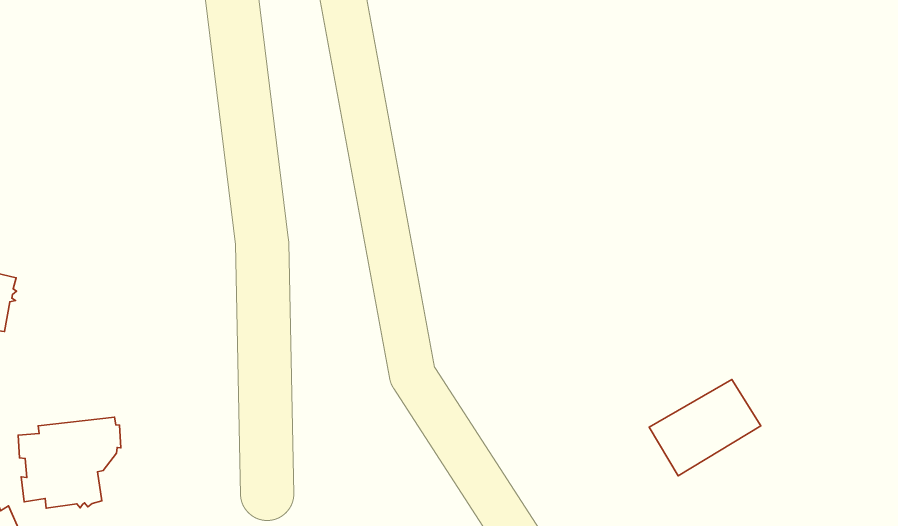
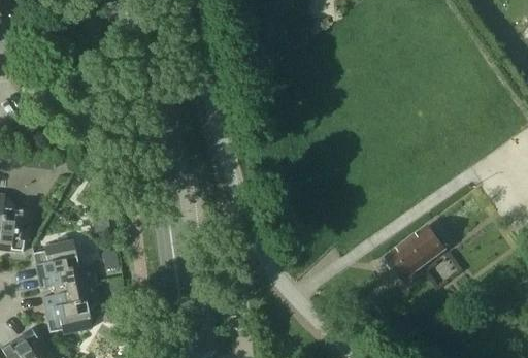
building: none -> [31,234,94,289]

